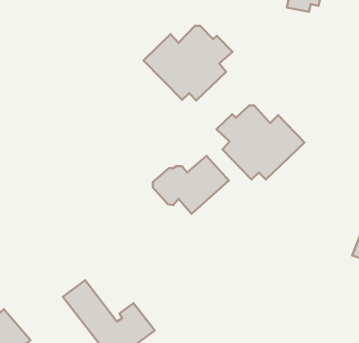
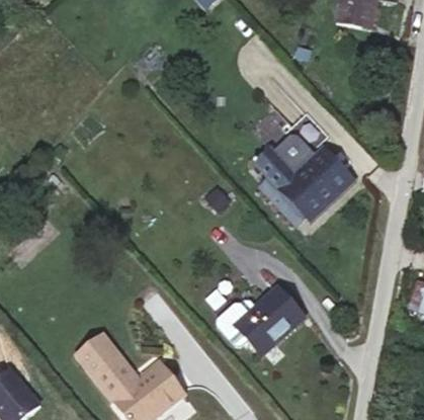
building: [143,26,233,101] -> none
building: [153,156,229,214] -> [217,287,304,354]

